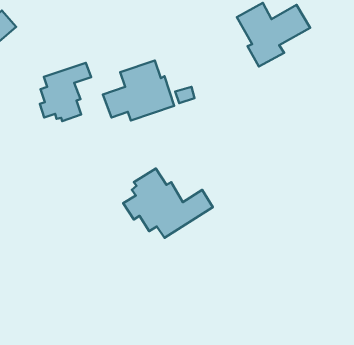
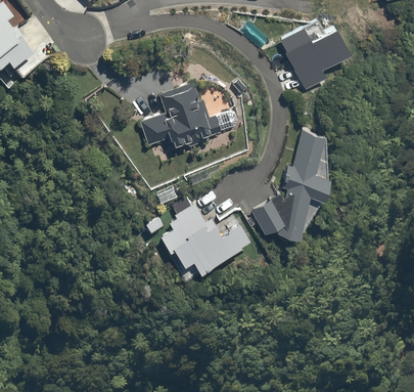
building: [40,63,91,121] -> none
building: none -> [252,129,336,238]

